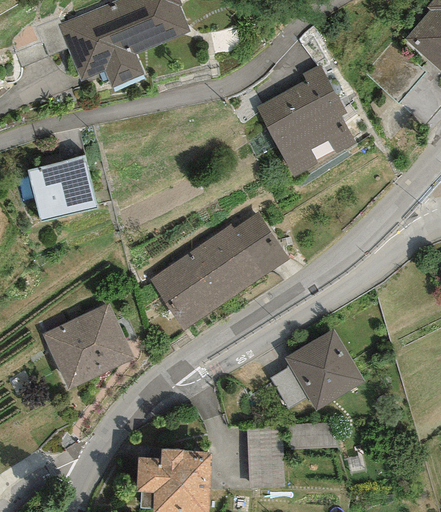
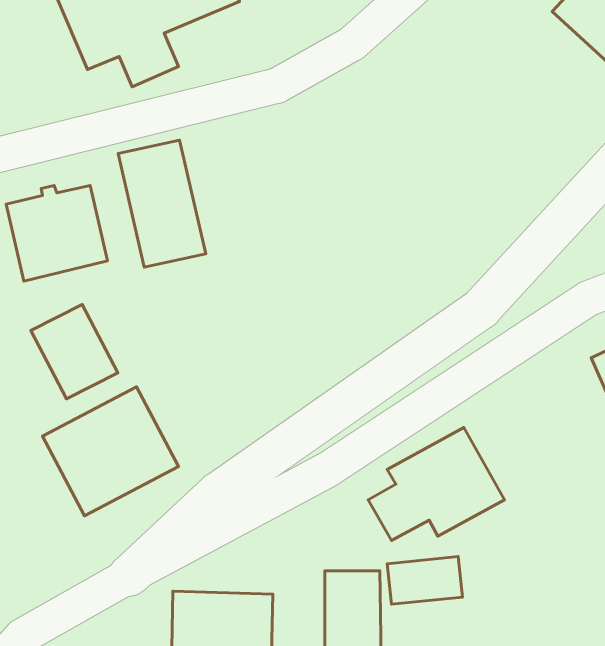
building: [252,66,359,179] -> none
building: none -> [118,140,206,267]
building: [156,206,295,325] -> none
building: none -> [31,304,118,399]

